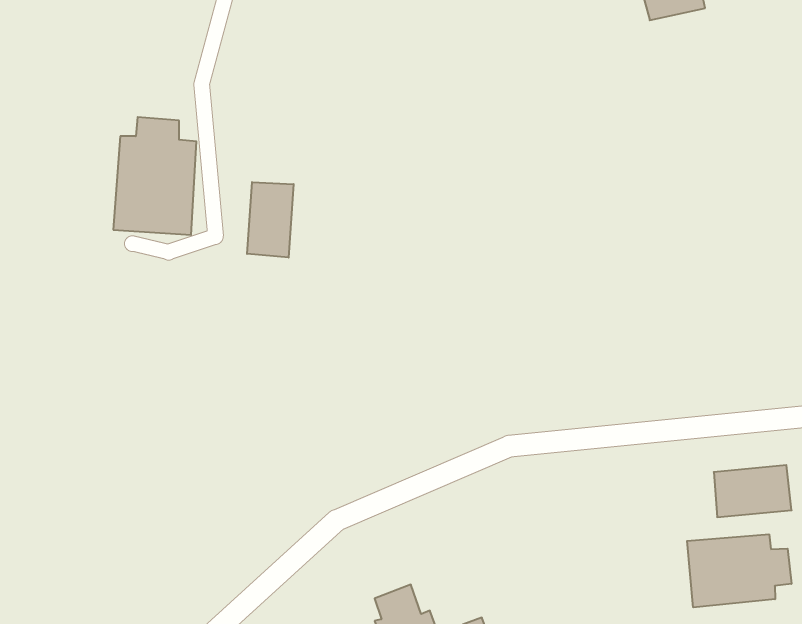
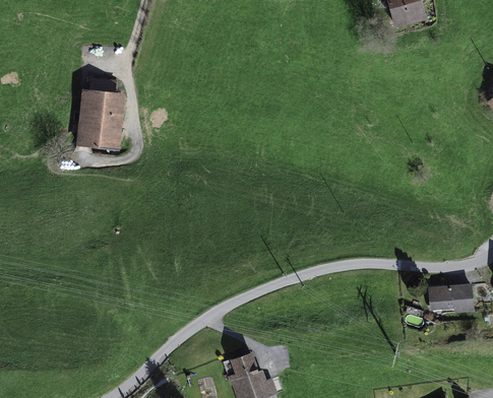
building: [247,182,294,258] -> none
building: [687,534,791,607] -> none

